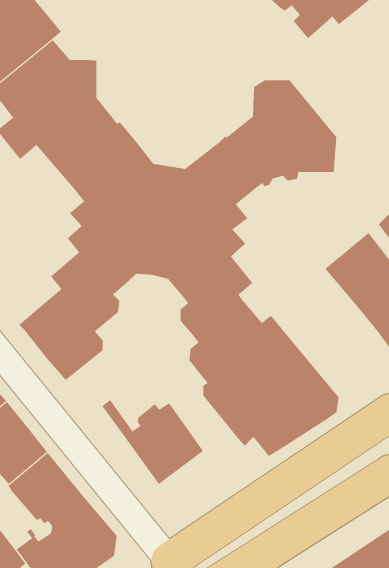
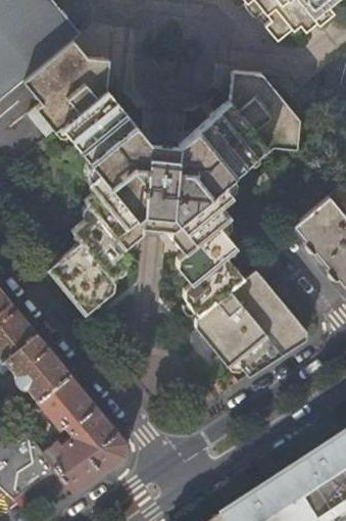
building: [102,399,204,485] -> none

